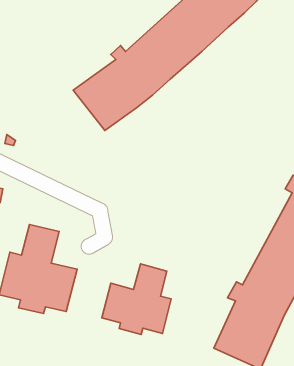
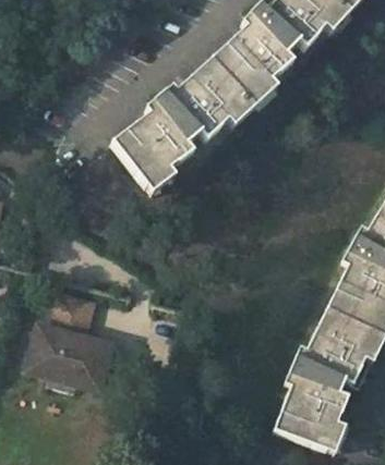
building: [102,264,171,334] -> none

